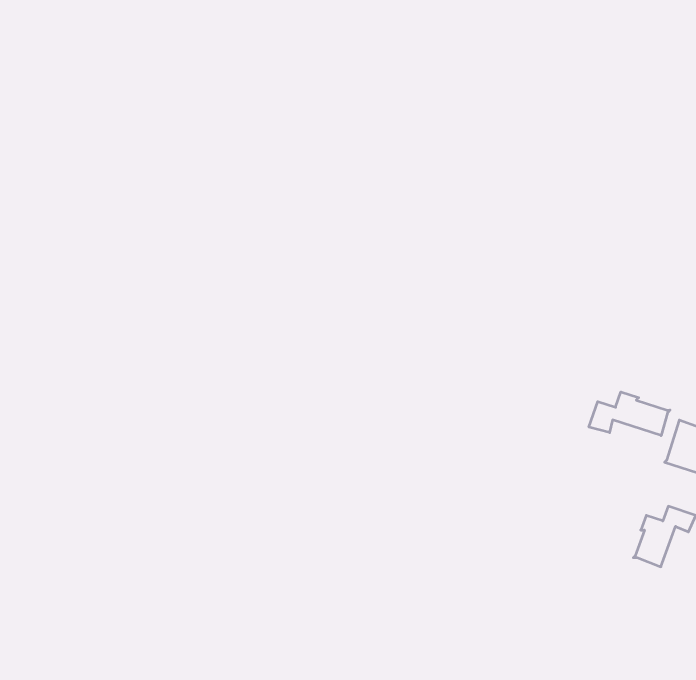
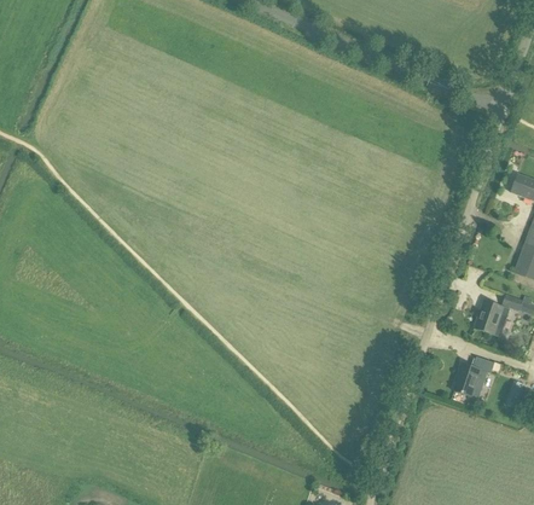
building: [589,392,670,436] -> none

